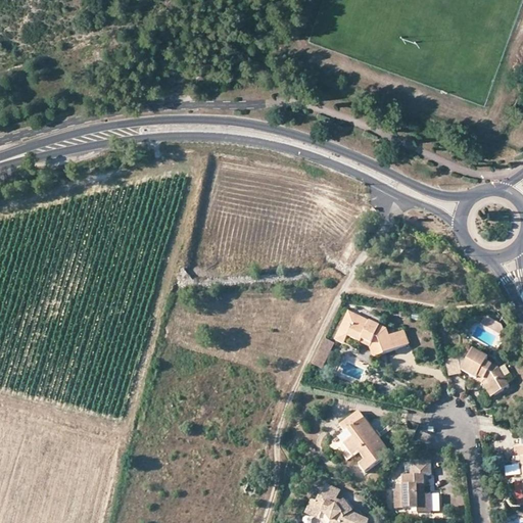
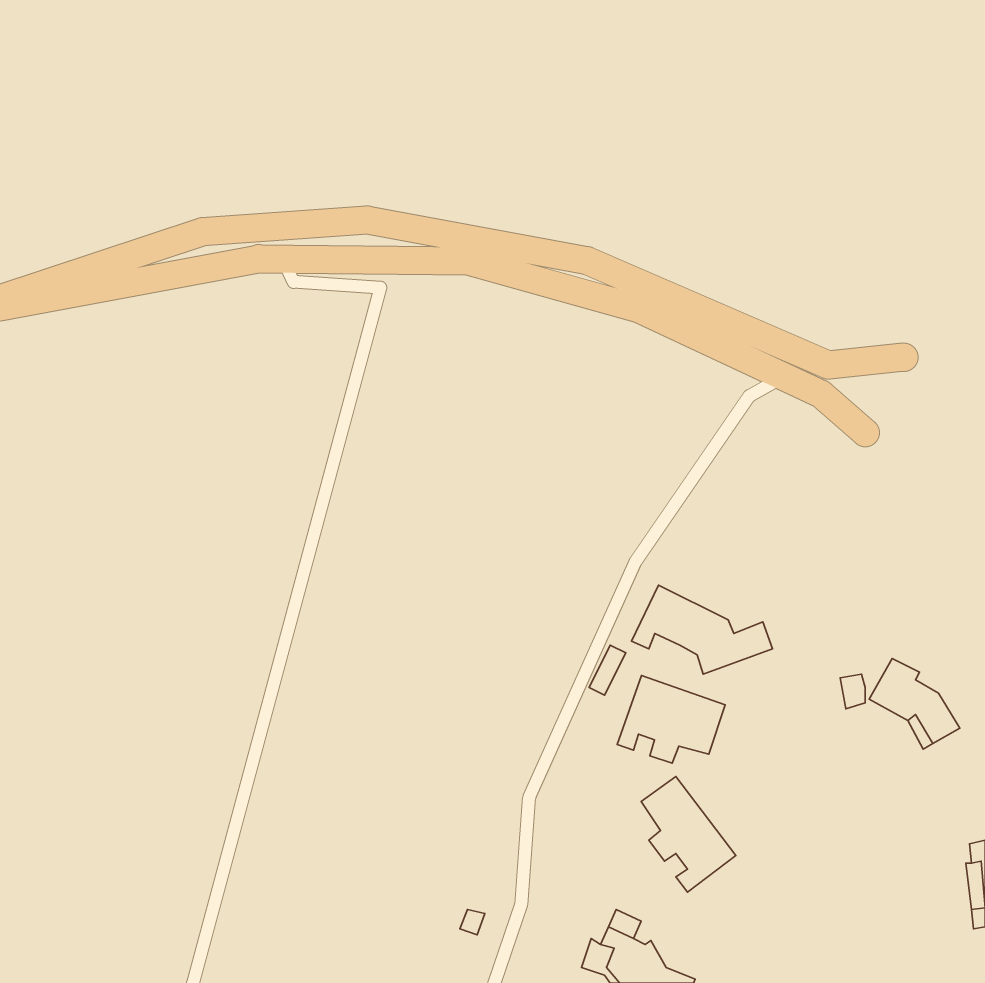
building: none -> [617,675,725,763]
building: [395,459,433,510] -> none

